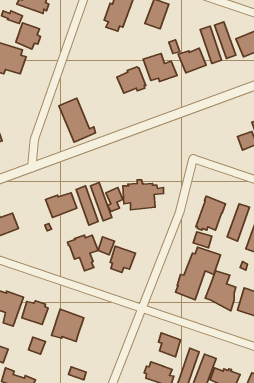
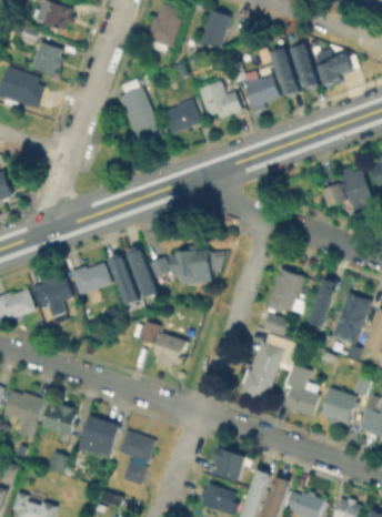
building: [59,98,95,142] -> [119,87,167,144]
building: [68,235,98,271] -> [32,277,72,324]
building: none -> [119,430,155,485]

